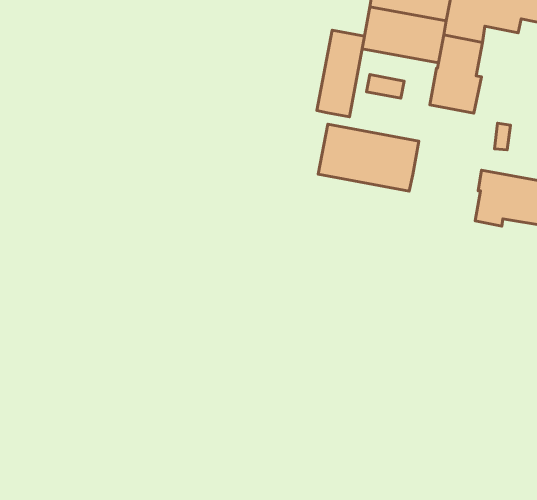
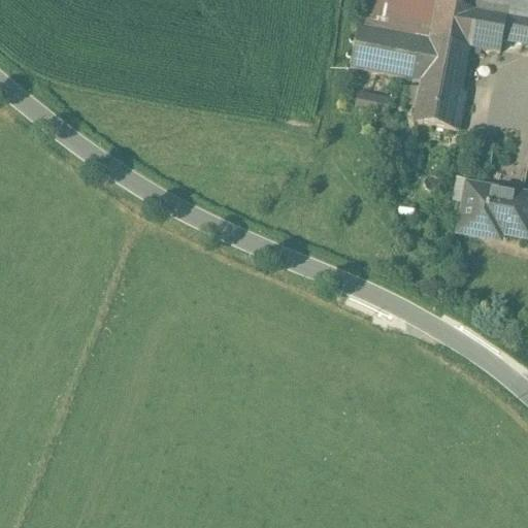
building: [317,30,364,117] -> none
building: [318,124,419,191] -> none

